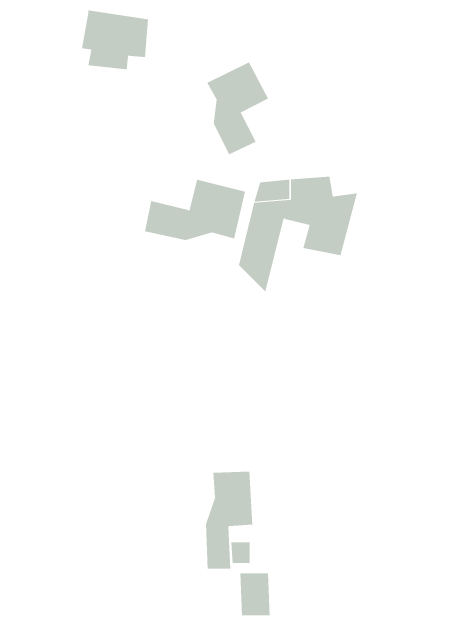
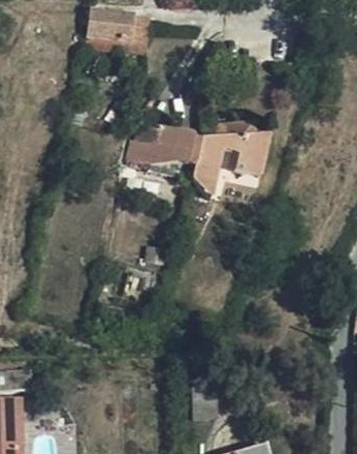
building: [206,61,269,155] -> none
building: [205,471,253,569] -> none

